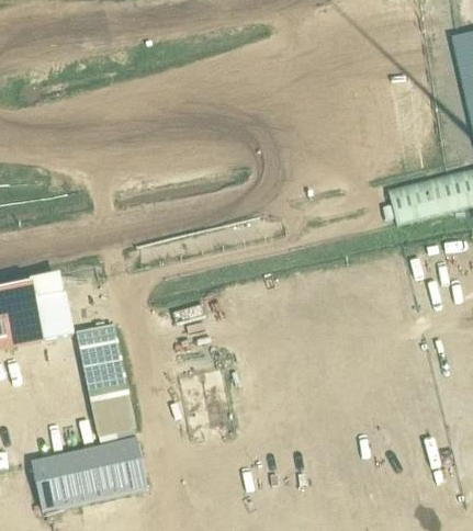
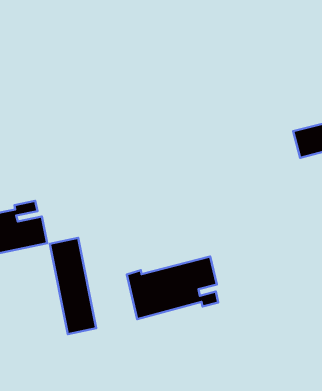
building: none -> [127,256,218,319]
building: [32,439,147,507] -> none

